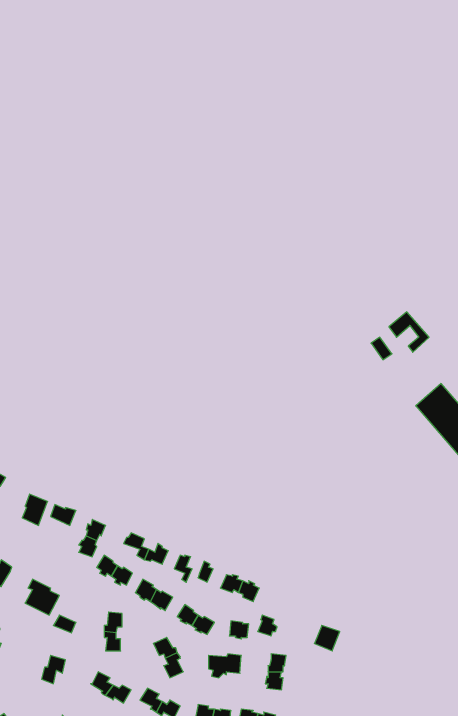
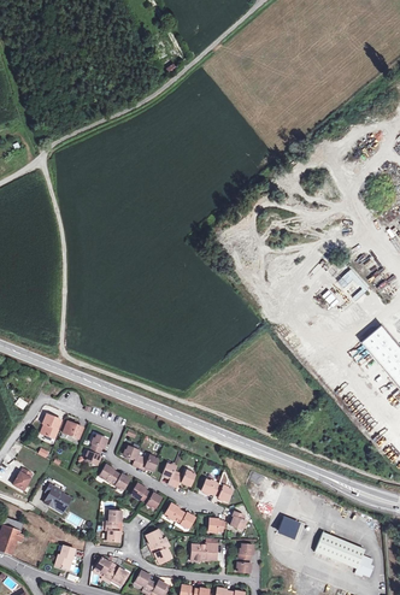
building: none -> [314,530,373,575]

